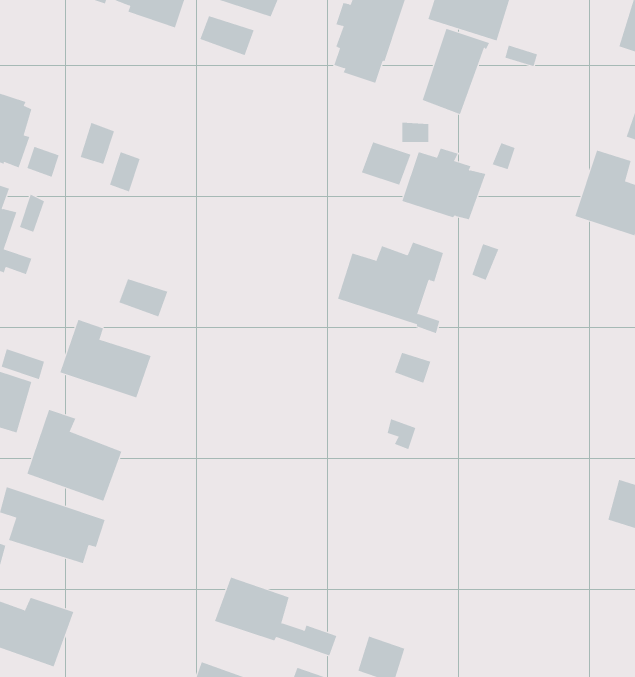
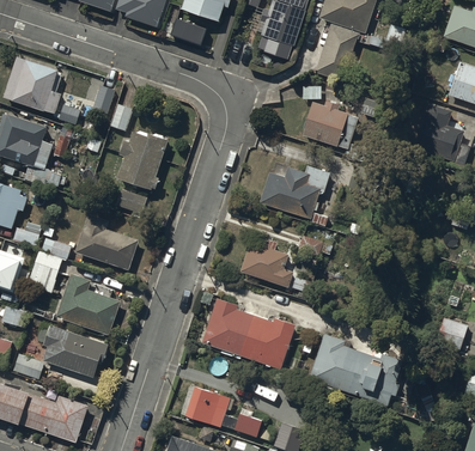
building: [361,142,411,186] -> none
building: none -> [118,132,169,189]
building: none -> [240,237,294,286]
building: none -> [201,299,296,370]
building: none -> [309,336,401,408]

